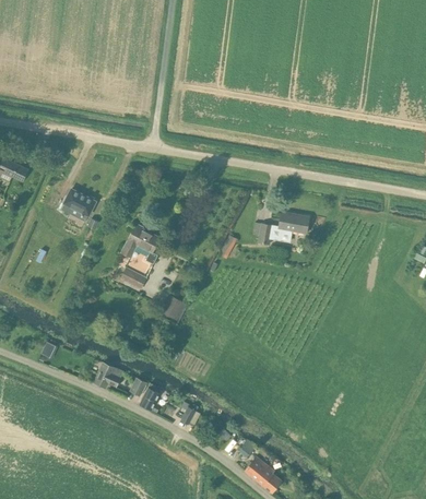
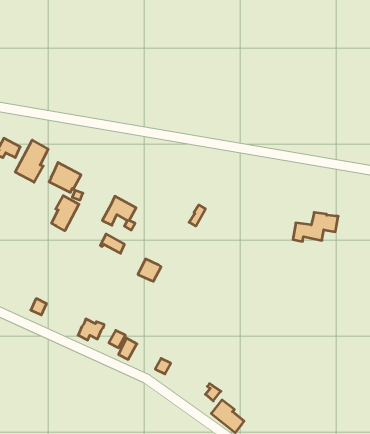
building: none -> [15,140,48,182]
building: [257,212,308,245] -> [293,212,338,241]
building: none -> [52,196,79,231]

